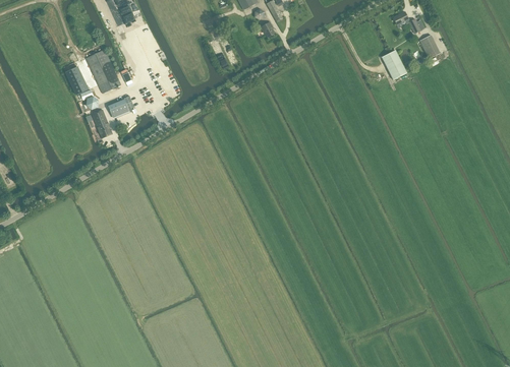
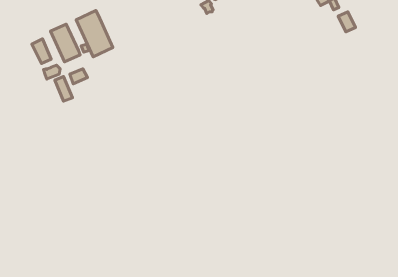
building: none -> [76,10,113,57]
building: [382,50,406,79] -> none

